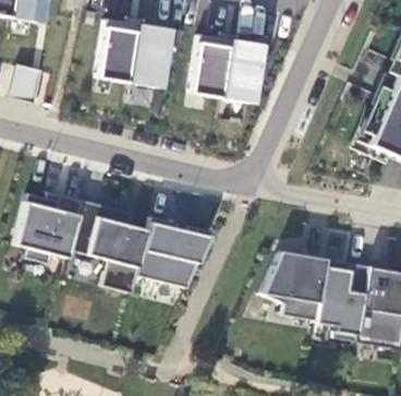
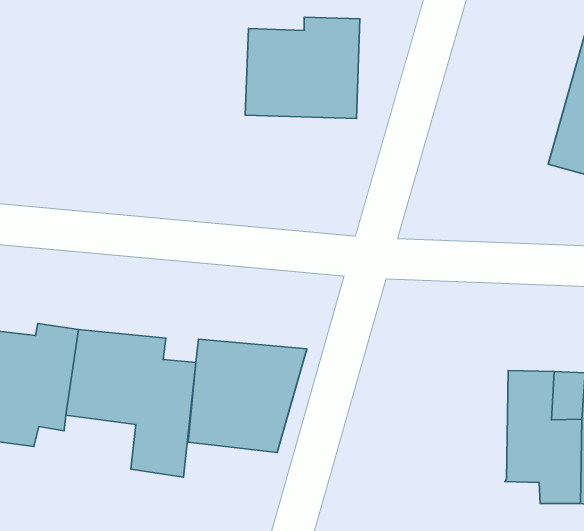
building: [101,24,173,87] -> none
building: [262,251,326,321] -> none

